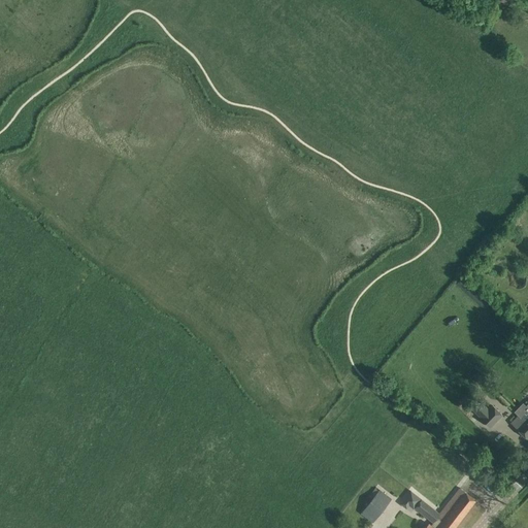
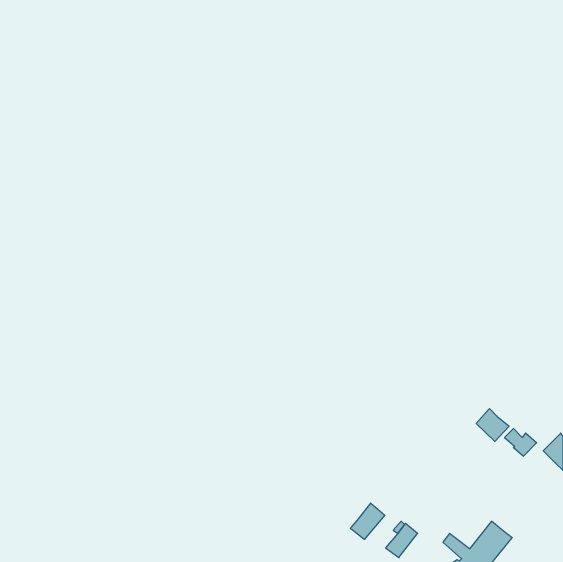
building: none -> [476,409,509,441]
building: none -> [351,503,385,539]

